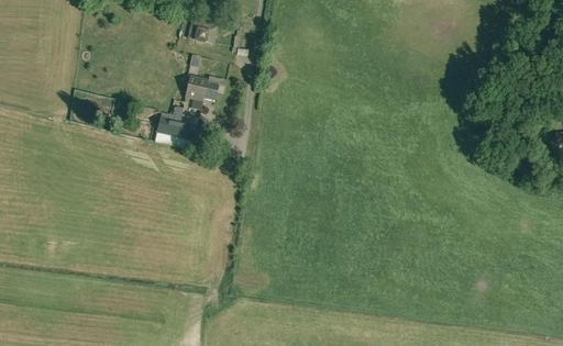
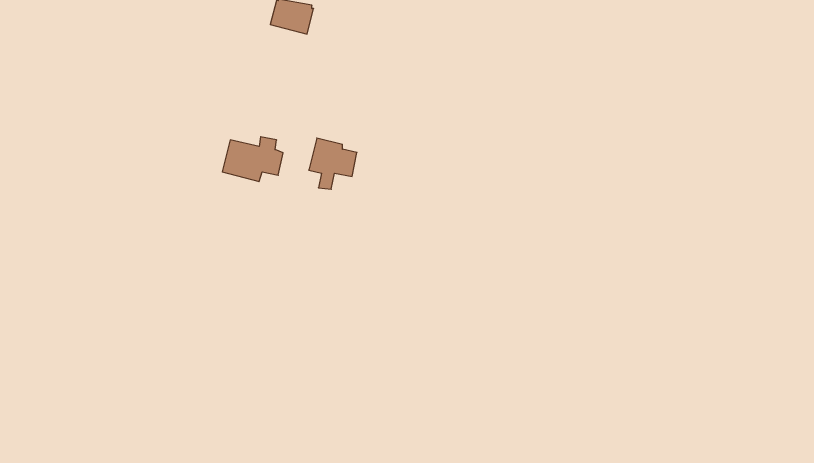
building: [185,74,218,109] -> [309,138,357,189]

